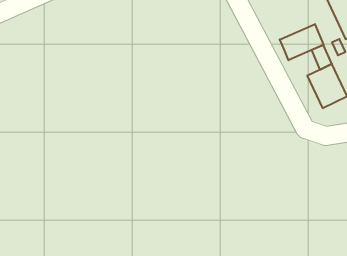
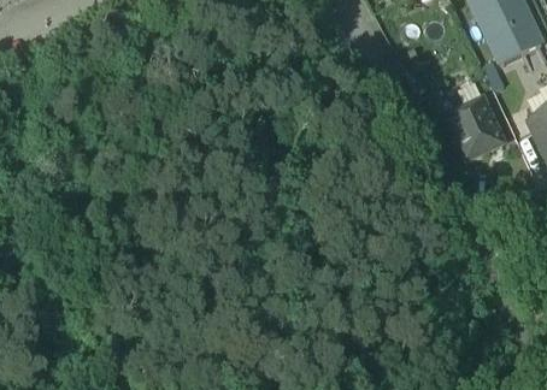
building: [280,24,324,60] -> none

